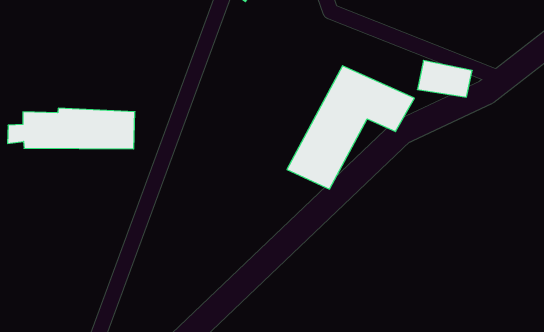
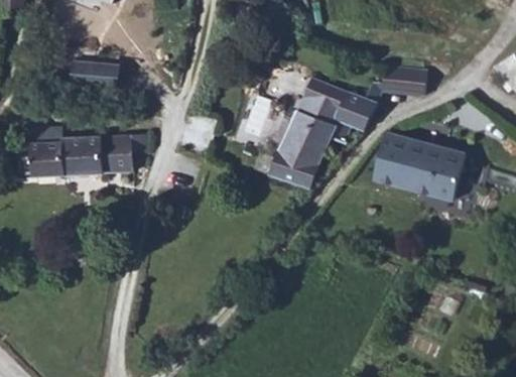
building: none -> [72,60,119,88]
building: none -> [371,132,465,201]

